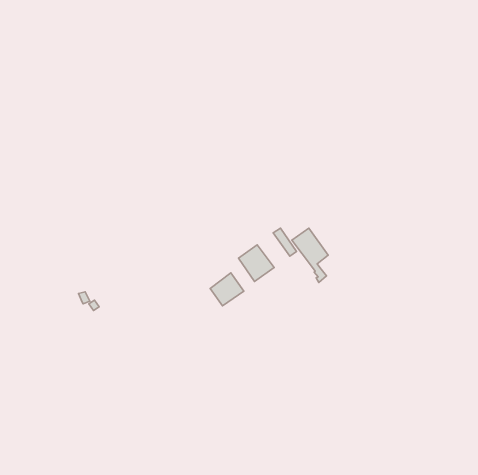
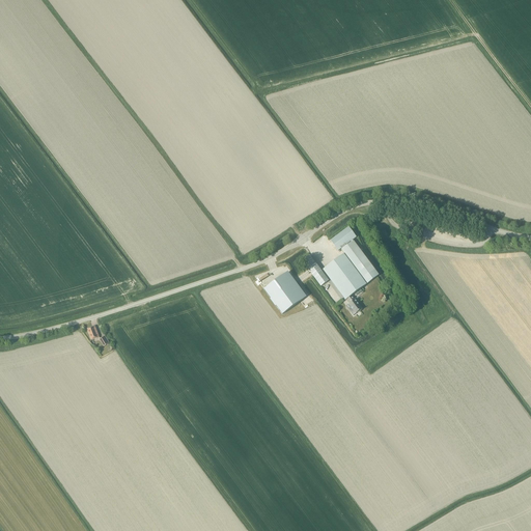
building: none -> [331,224,379,283]
building: [210,273,244,306] -> none

